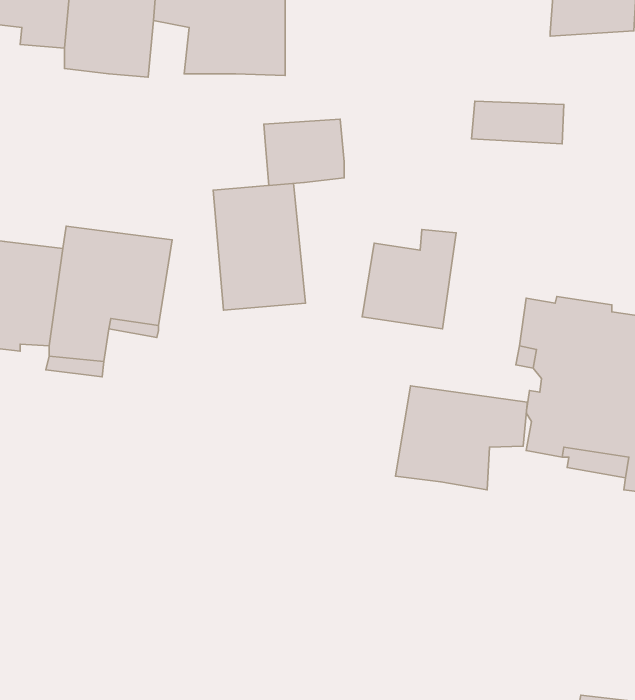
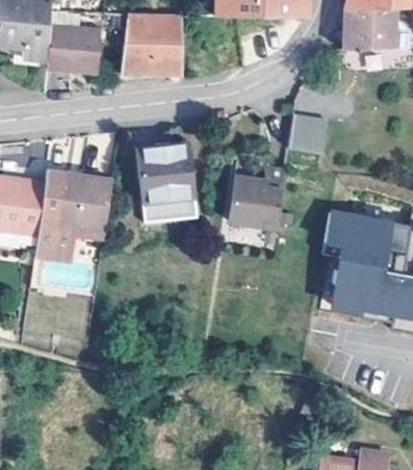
building: [264,119,344,185] -> none
building: none -> [289,115,327,152]
building: [395,386,527,490] -> none

